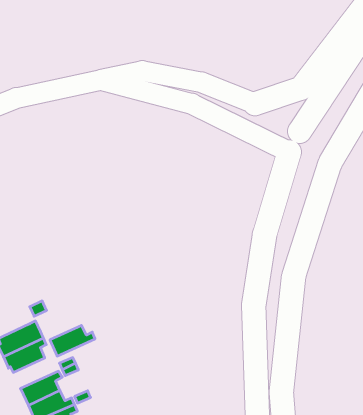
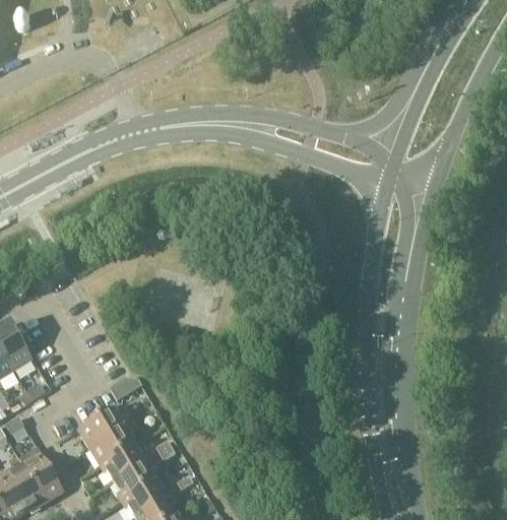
building: [50,325,95,356] -> [102,445,152,482]

